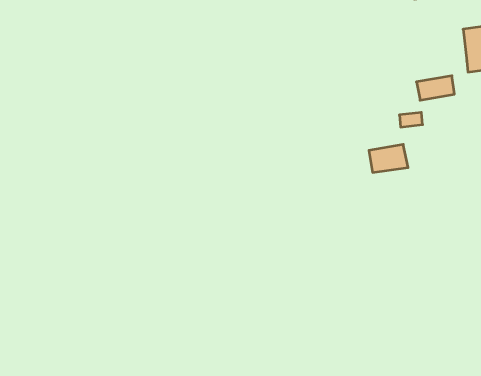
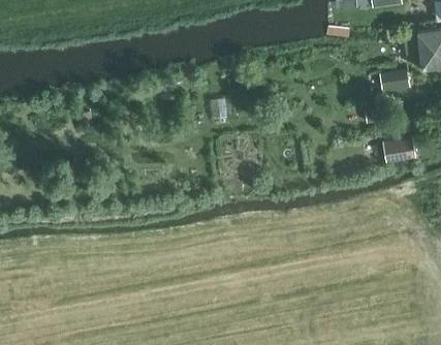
building: [369,144,408,172] -> [381,138,414,162]

